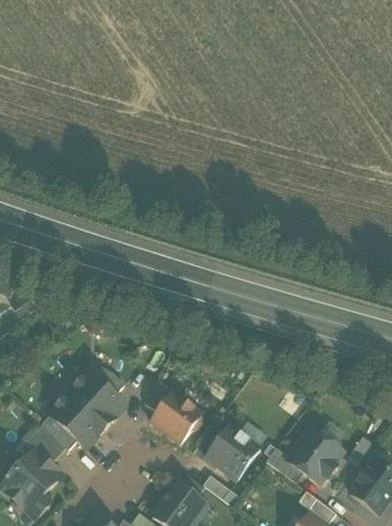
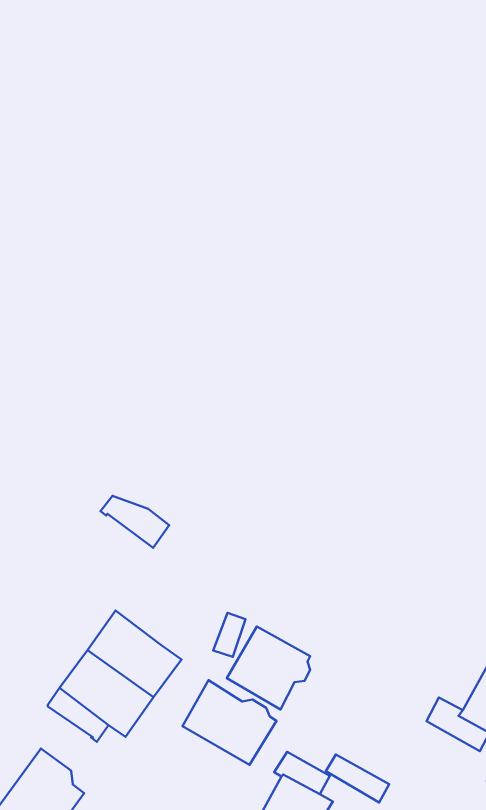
building: [83,363,123,397] -> [100,496,169,548]
building: none -> [182,680,277,765]
building: [24,425,64,464] -> none
building: [203,425,259,480] -> none

